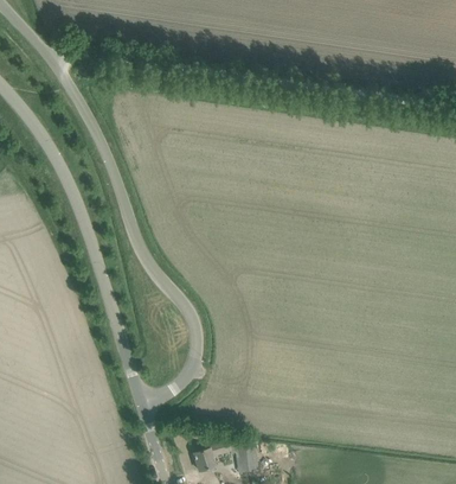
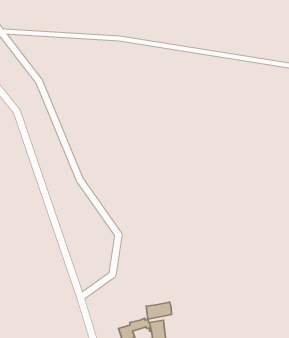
building: none -> [146,302,171,319]

